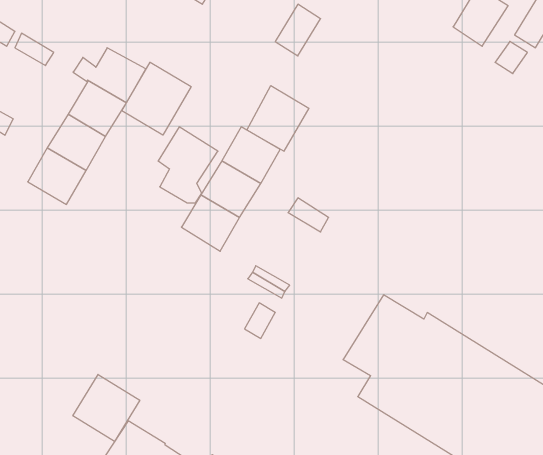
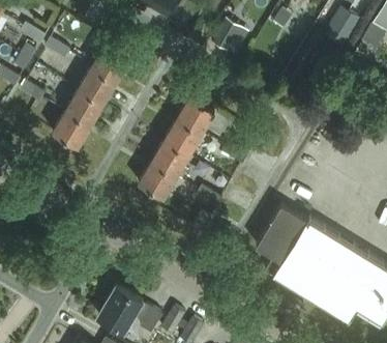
building: [122,62,191,135] -> none
building: [247,86,309,151] -> none
building: [158,127,218,203] -> [139,162,177,210]
building: [73,374,140,442] -> none

